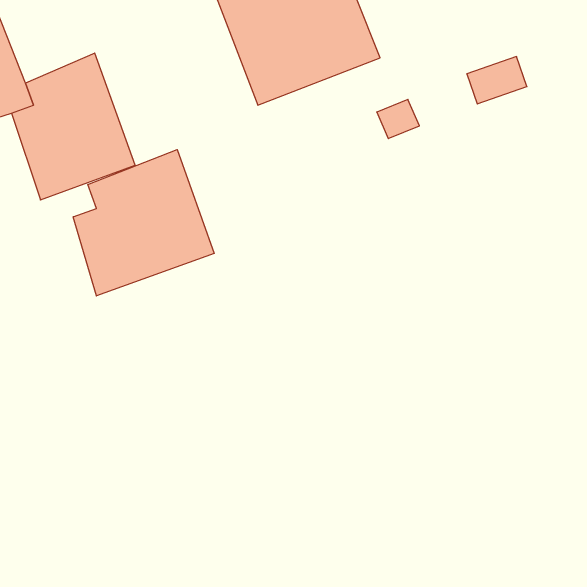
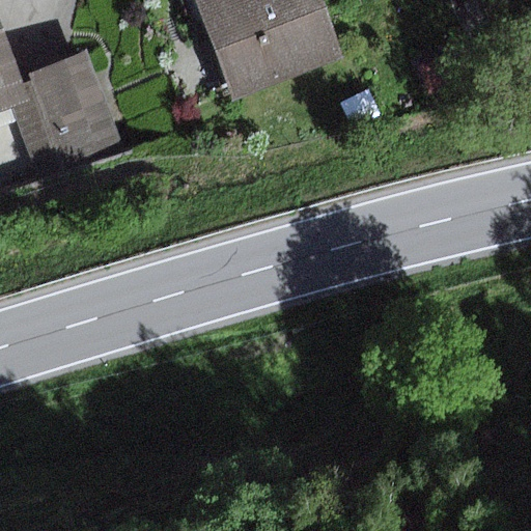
building: [73,150,214,296] -> none

